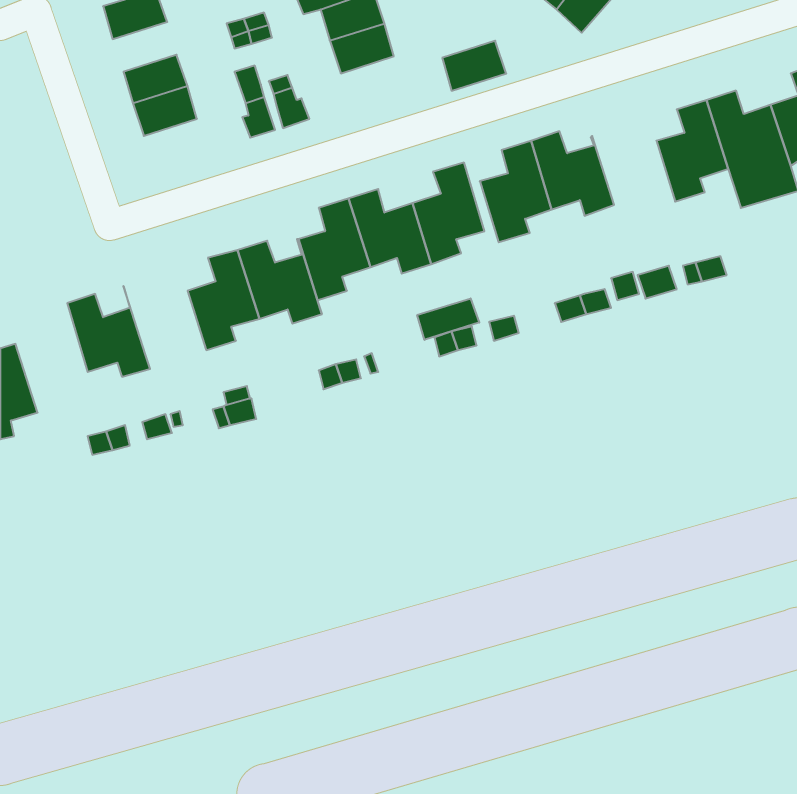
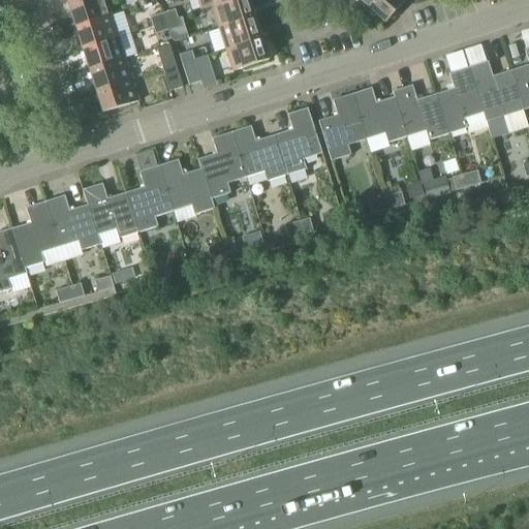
building: none -> [75,14,118,48]
building: [442,41,506,91] -> [226,37,269,70]
building: none -> [96,79,138,112]
building: none -> [393,84,447,139]
building: none -> [83,183,137,238]
building: [417,298,479,340] -> none
building: none -> [11,200,59,273]

